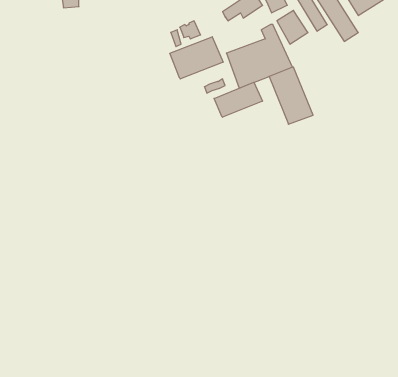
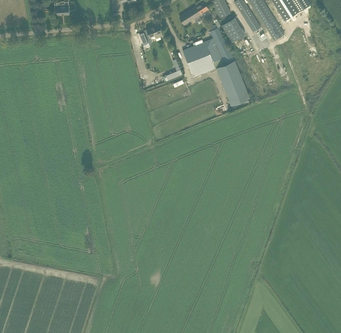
building: [170,37,223,79] -> none
building: [214,82,262,117] -> none

